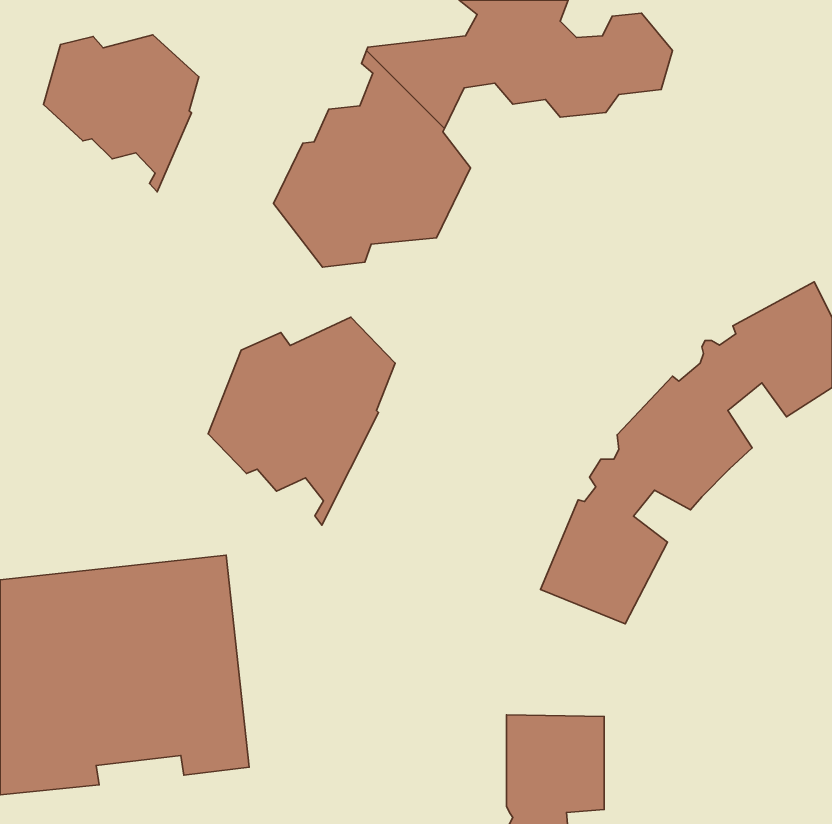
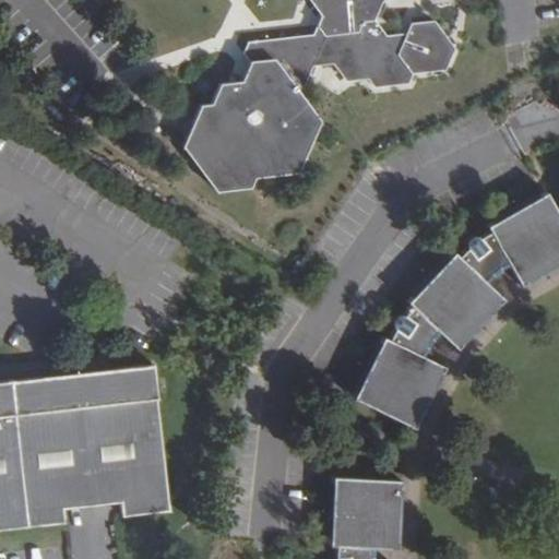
building: [43,35,199,192] -> none
building: [208,317,395,525] -> none

